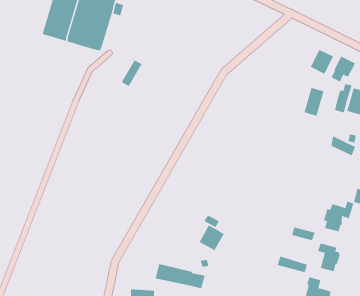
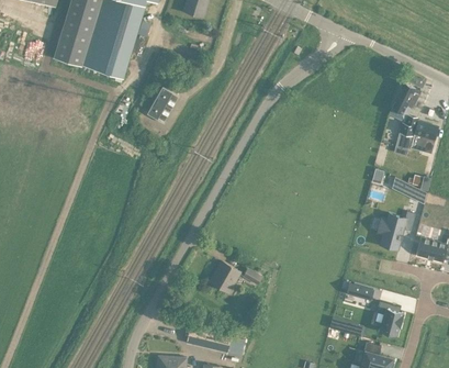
building: [310,49,334,75] -> none
building: [304,87,324,116] -> none
building: [323,201,354,232] -> [379,211,415,247]
building: [199,224,224,251] -> [210,261,239,292]

